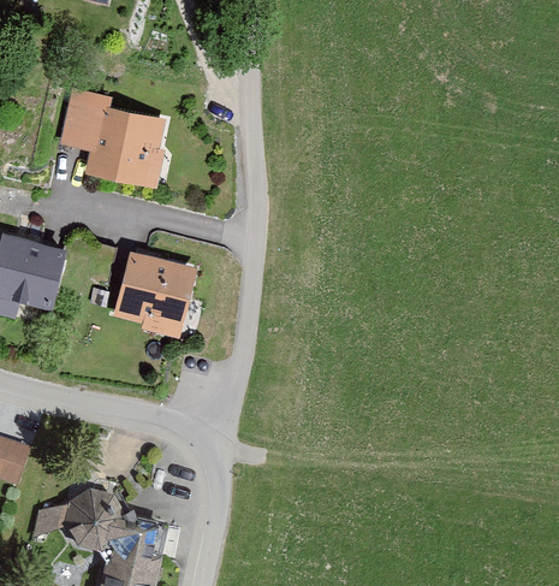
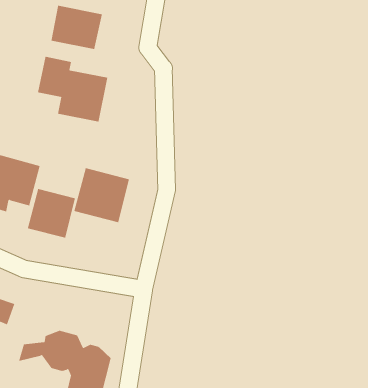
building: none -> [51,5,102,50]
building: none -> [27,188,76,239]

